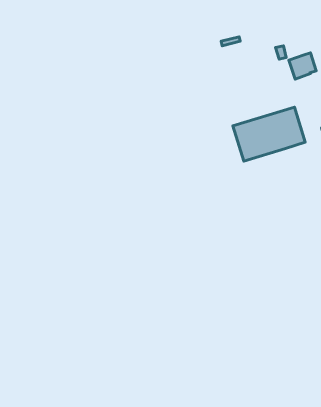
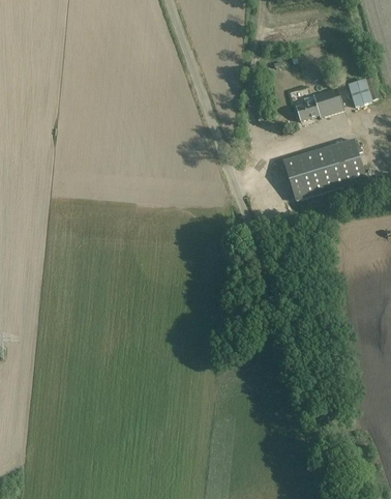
building: none -> [294,86,342,120]

